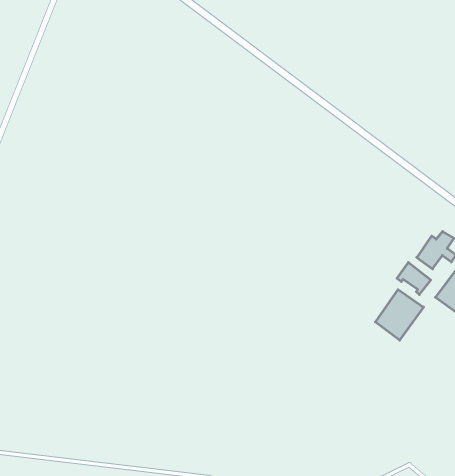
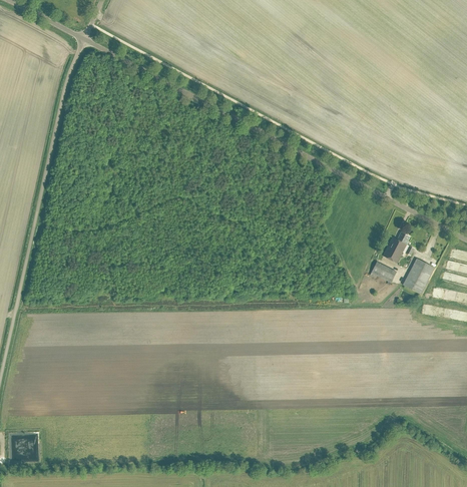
building: [375,290,424,340] -> none

